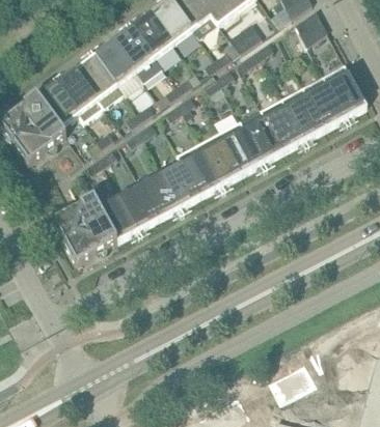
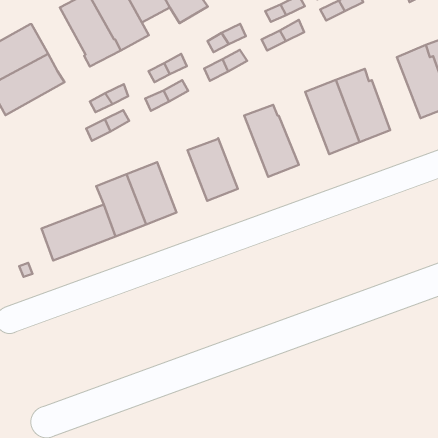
building: [37,83,79,129] -> none
building: [280,87,325,140] -> none
building: [218,120,263,173] -> none
building: [177,143,221,196] -> none
building: [140,173,180,219] -> none
building: [52,199,106,243] -> none

